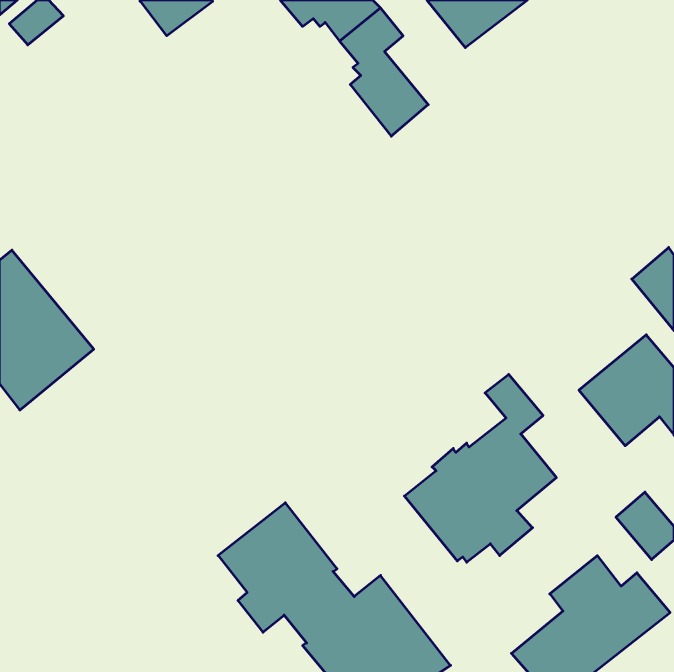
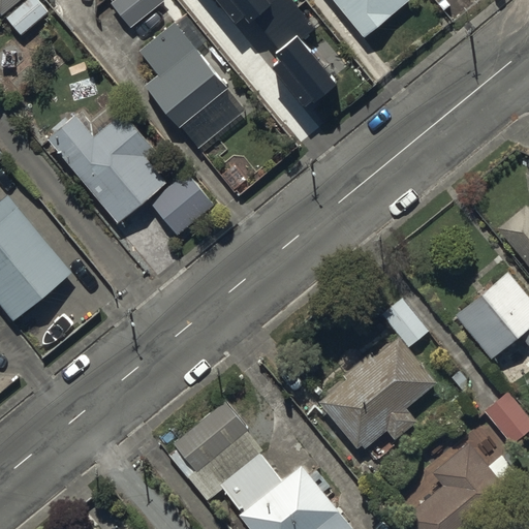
building: none -> [138,25,243,151]
building: none -> [49,105,174,228]
building: none -> [153,179,220,245]

